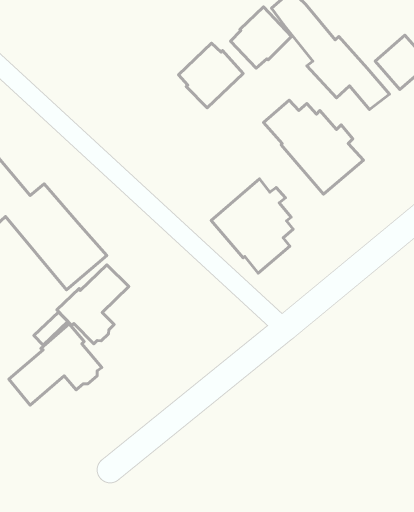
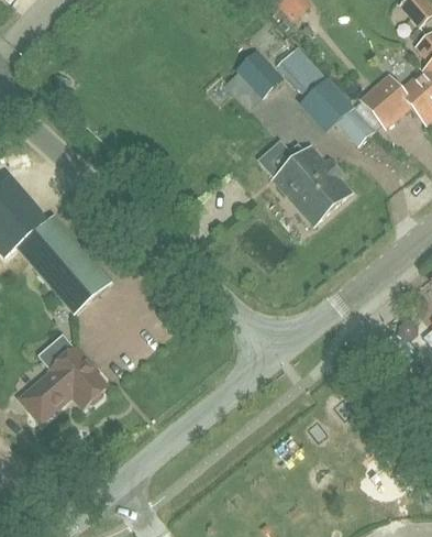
building: [178,43,243,108] -> none
building: [211,179,293,273] -> none
building: [57,265,129,344] -> none

